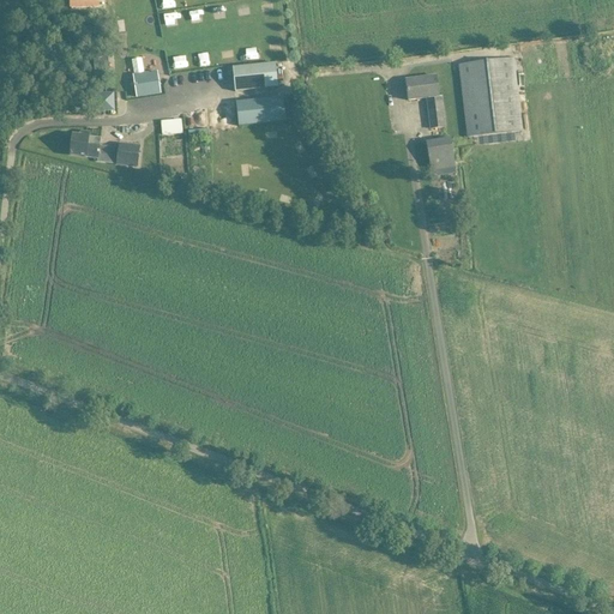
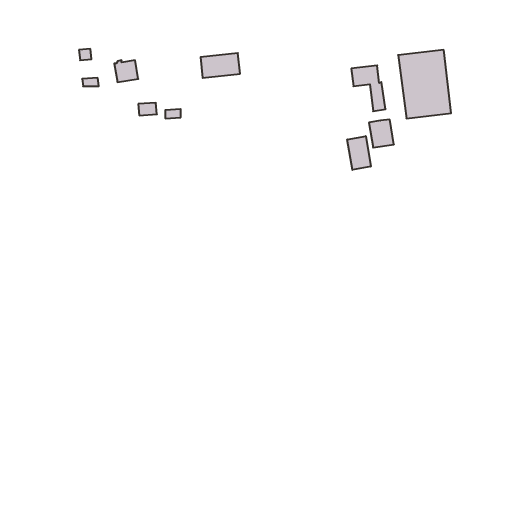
building: [235,94,285,122] -> none
building: [70,133,139,165] -> none
building: none -> [347,136,371,170]

